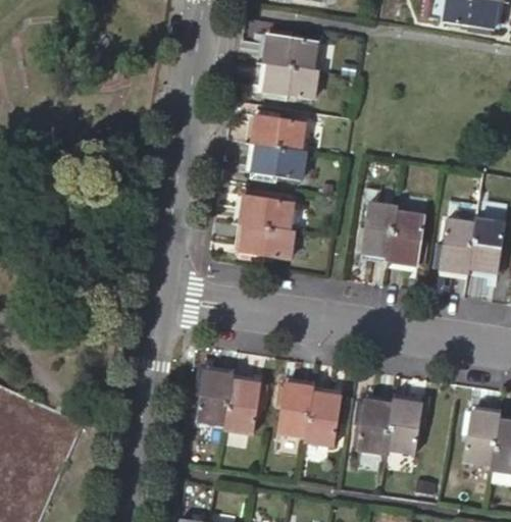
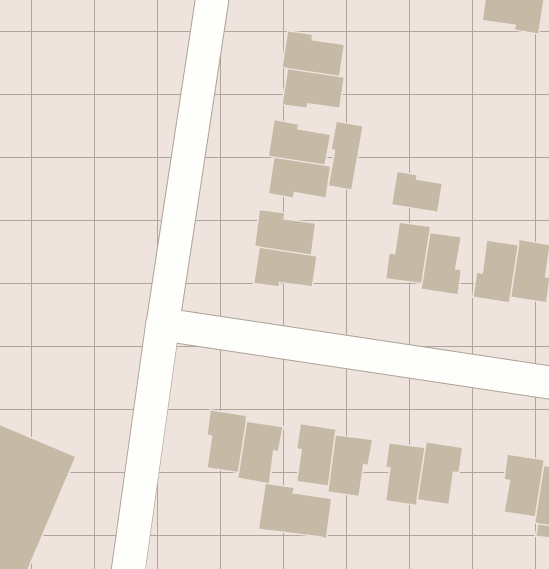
building: none -> [328,121,363,190]
building: none -> [391,171,443,212]
building: none -> [258,483,332,539]

